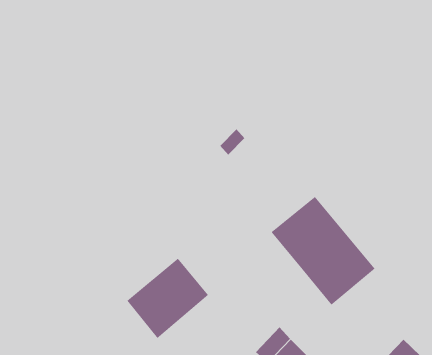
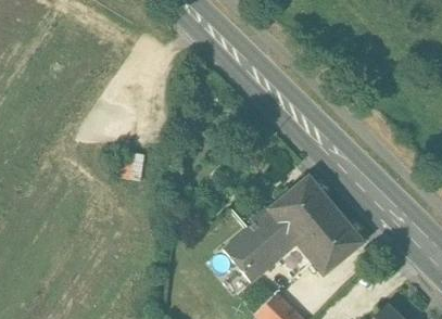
building: [126,258,209,339] -> [225,209,298,281]

